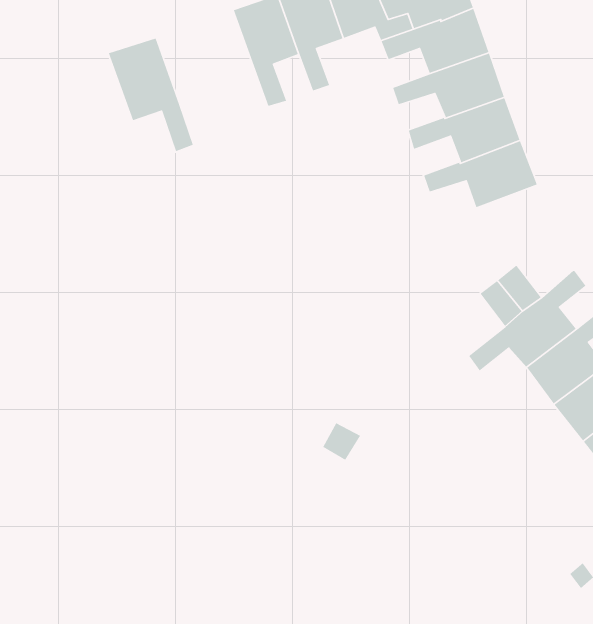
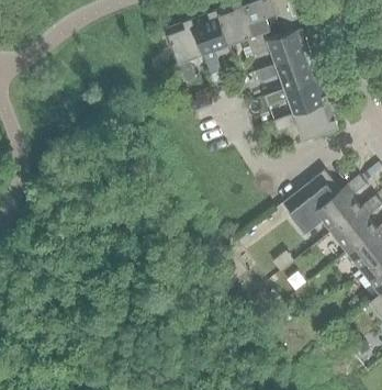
building: [108,37,194,152] -> none
building: none -> [284,189,319,224]

